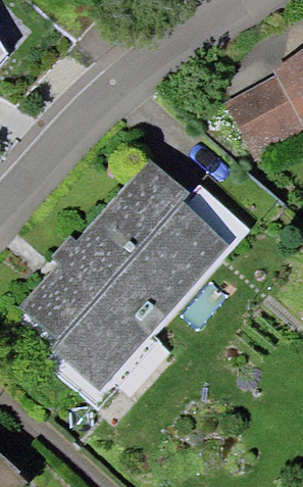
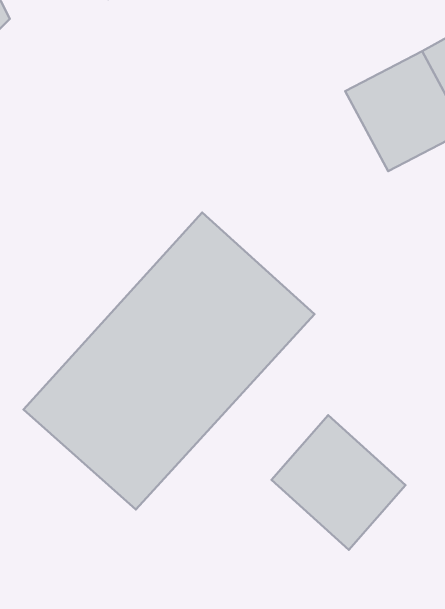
building: none -> [271,415,406,550]

